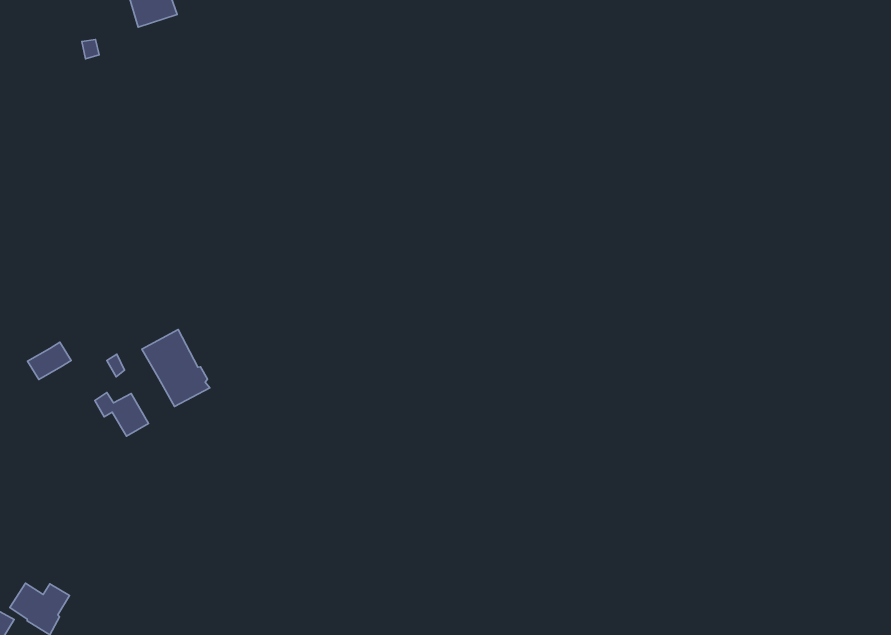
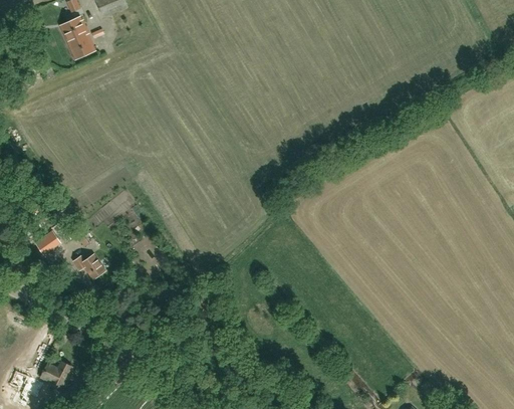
building: [142,329,210,406] -> none

